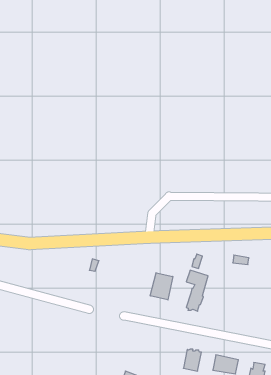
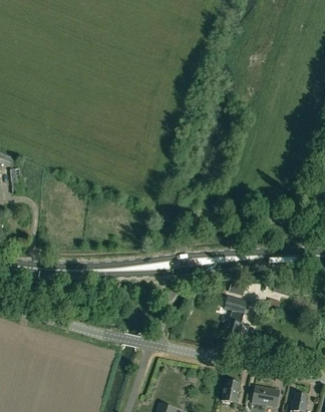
building: [150,273,173,300] -> none

